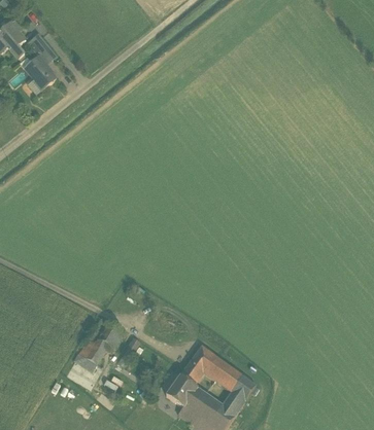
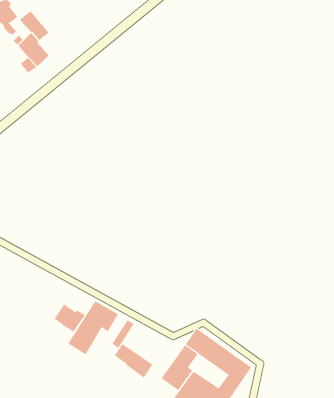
building: none -> [54,304,85,333]
building: none -> [114,343,153,378]

